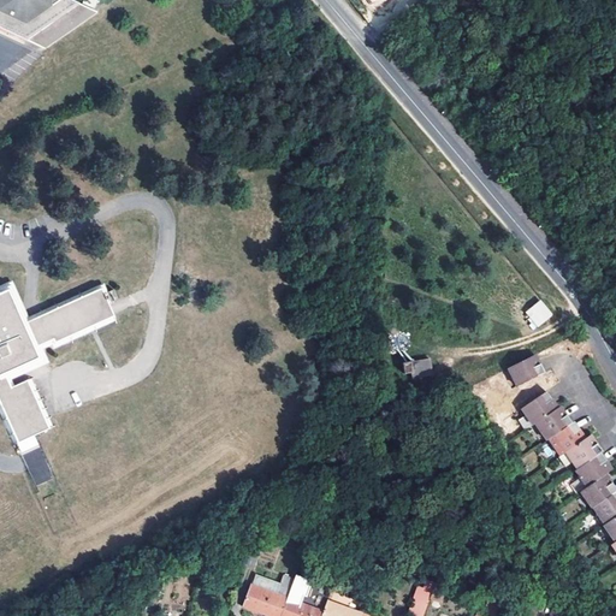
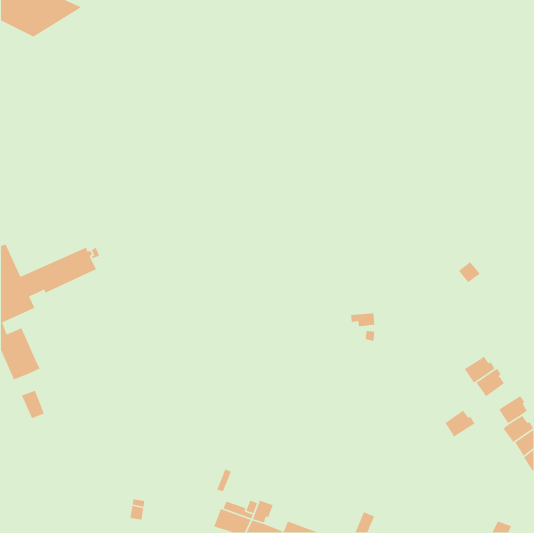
building: [508,357,544,386] -> none
building: [521,391,555,426] -> none
building: [564,438,600,470] -> [444,409,476,438]

